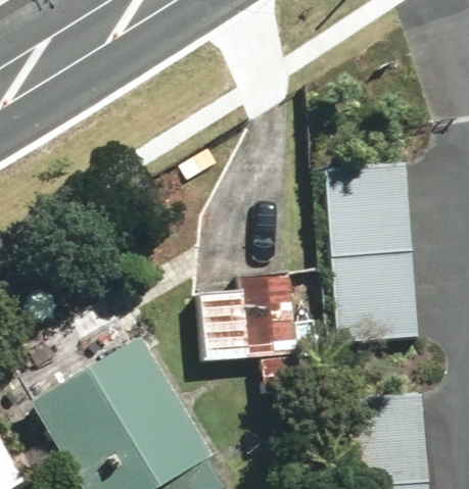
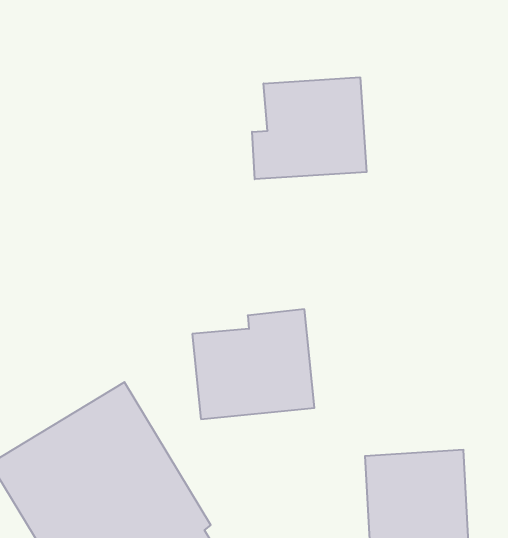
building: none -> [252,77,367,179]
building: [326,166,420,345] -> none

